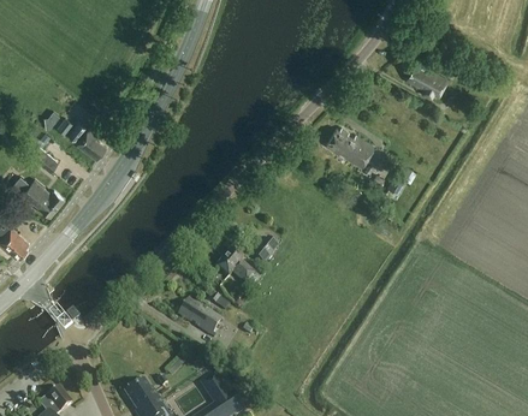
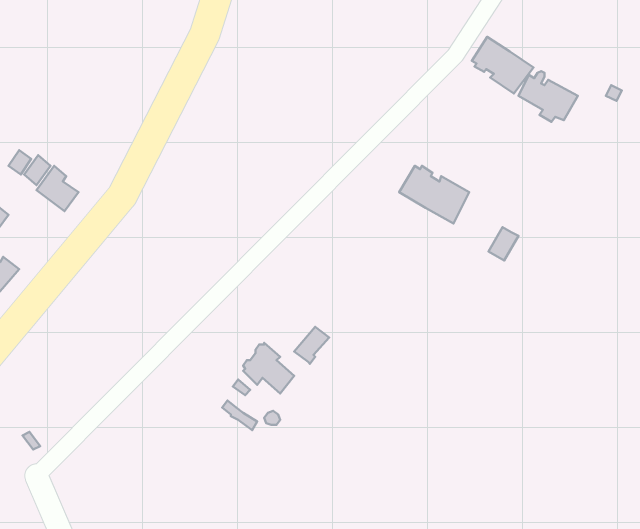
building: none -> [472,37,533,94]
building: [178,296,221,334] -> none

